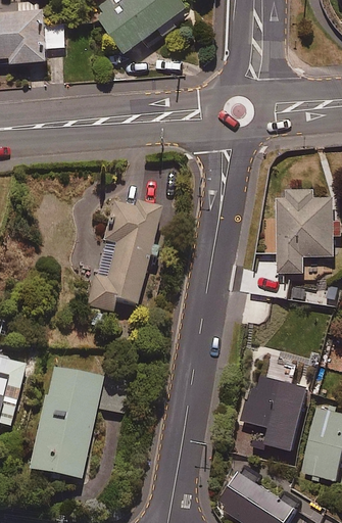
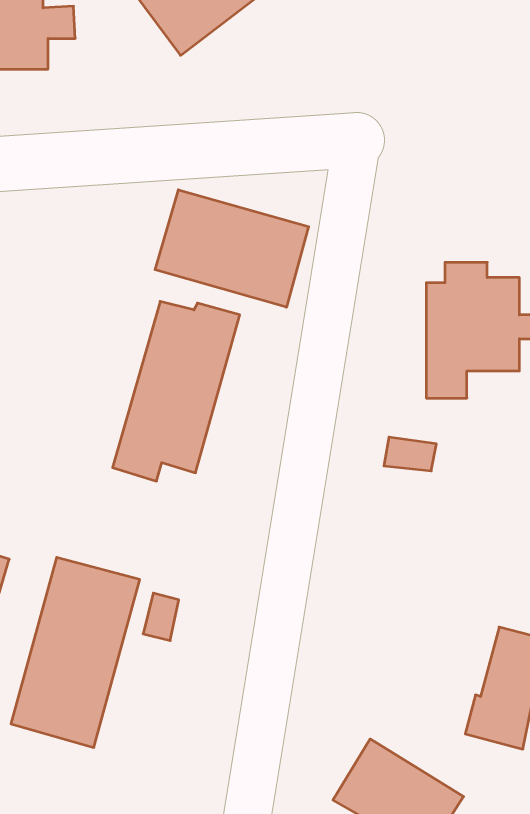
building: none -> [155,190,309,307]
building: [237,365,308,446] -> none

